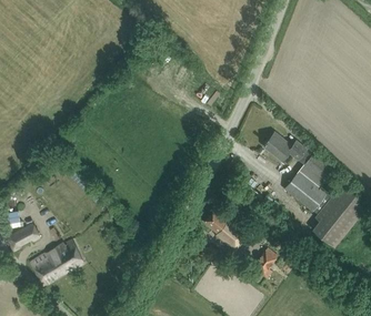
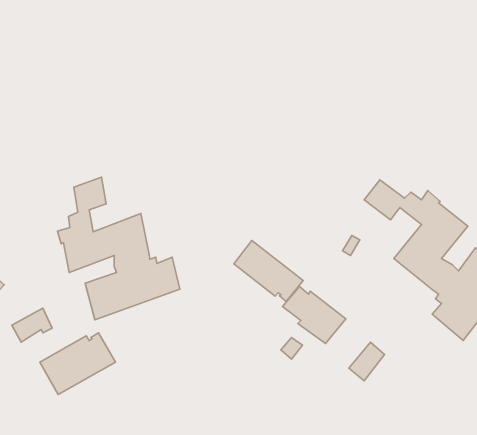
building: none -> [58,177,180,320]
building: none -> [234,241,303,302]

